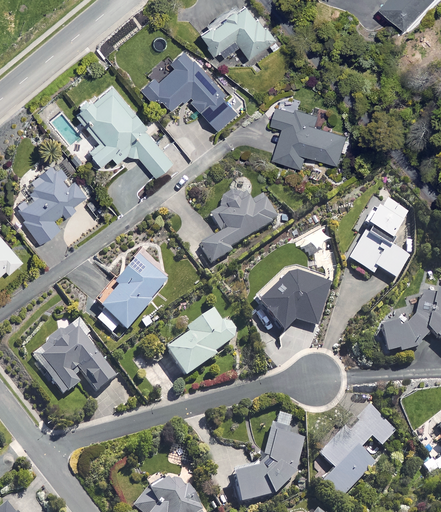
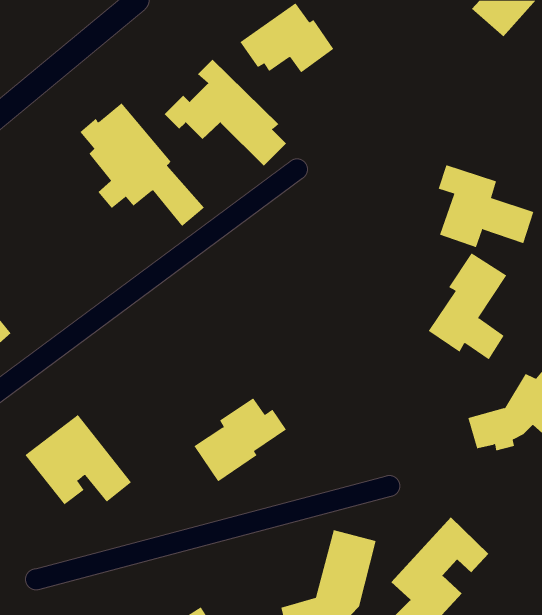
building: [272,103,347,168] -> [438,164,534,248]
building: [18,164,86,242] -> none
building: [199,185,278,264] -> none
building: [99,255,167,330] -> none
building: [256,272,329,331] -> none

